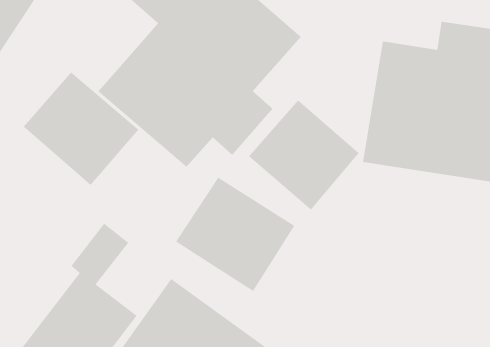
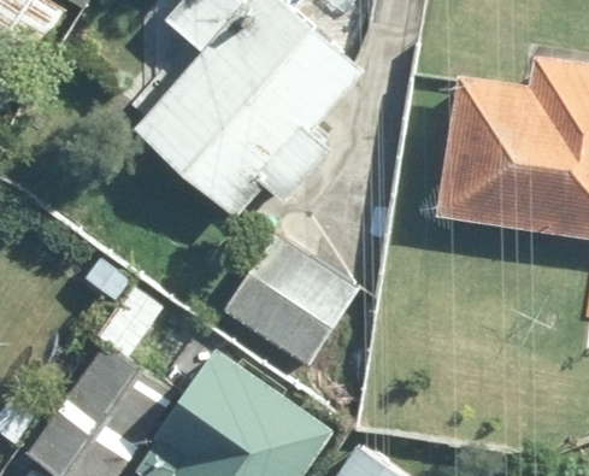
building: [23,72,139,186] -> none
building: [248,99,359,211] -> none

